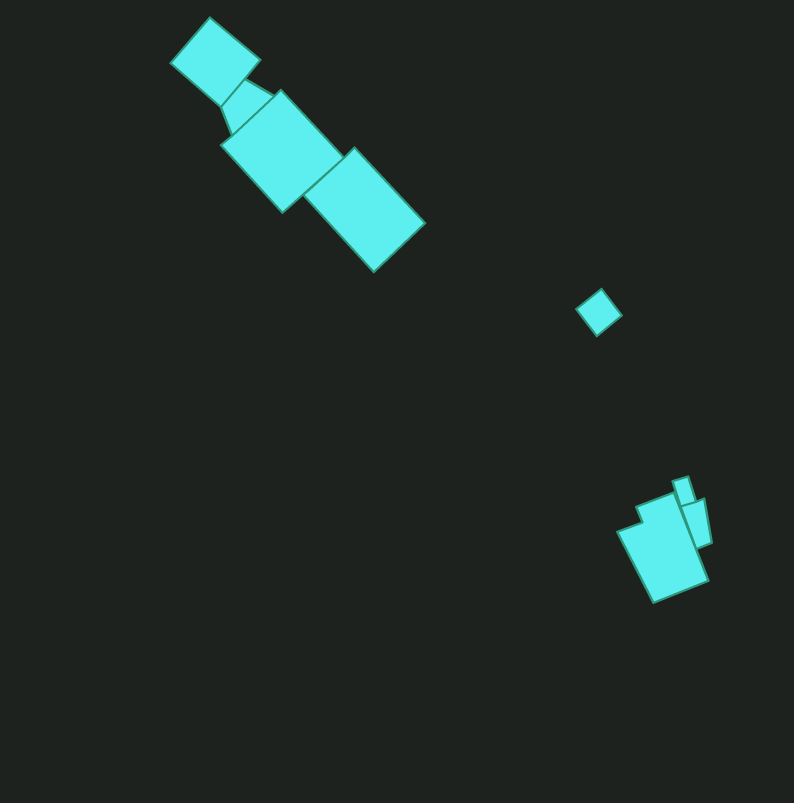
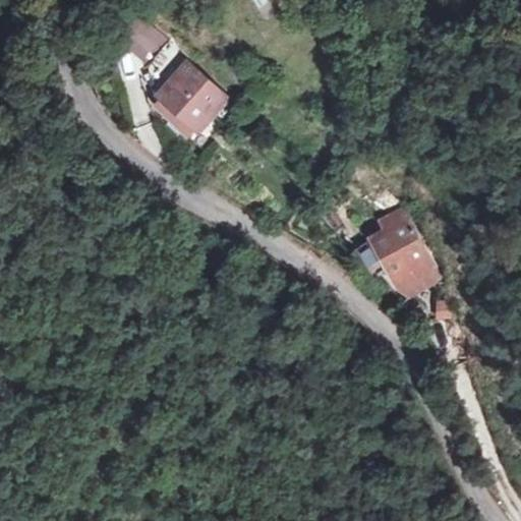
building: [303,147,425,272] -> none
building: [617,493,709,603] -> [377,225,436,296]

